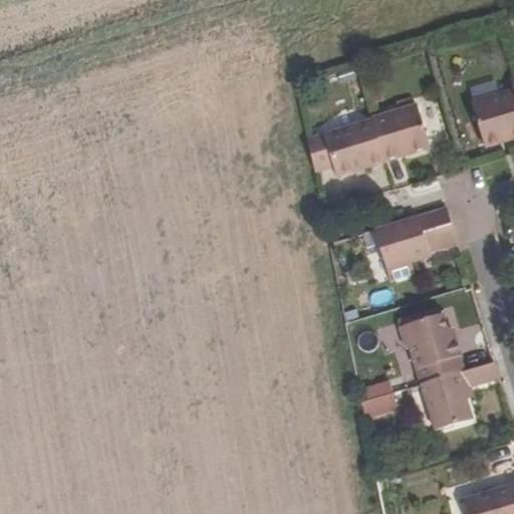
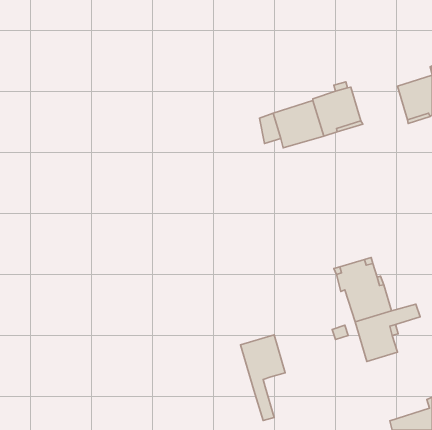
building: [375,208,458,268] -> none
building: [355,377,396,419] -> none
building: none -> [241,335,285,420]

